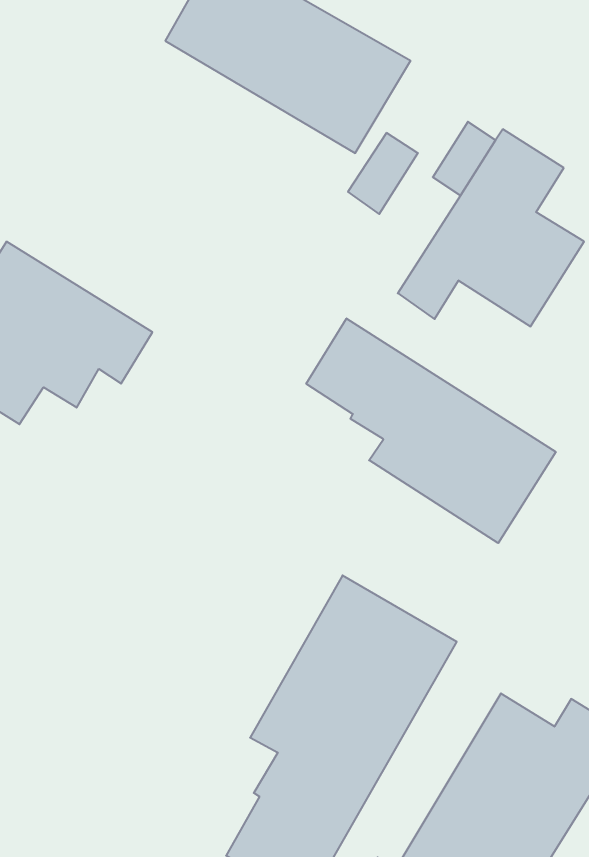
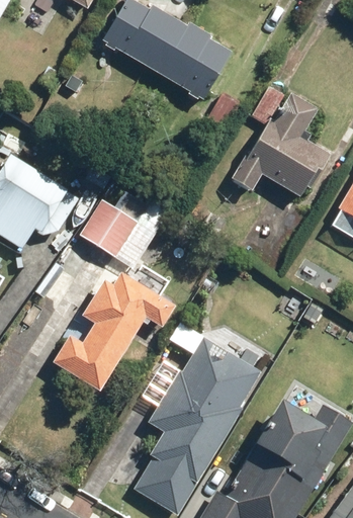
building: [306,318,556,543] -> none
building: none -> [79,198,139,258]
building: none -> [51,272,176,393]

